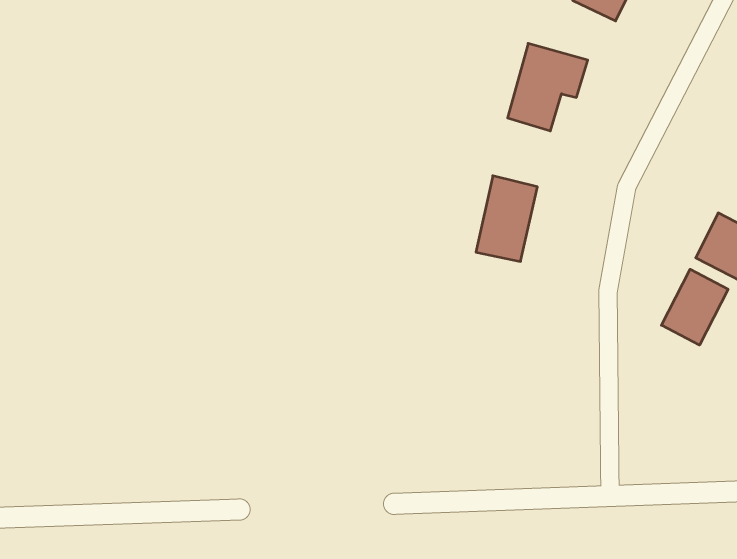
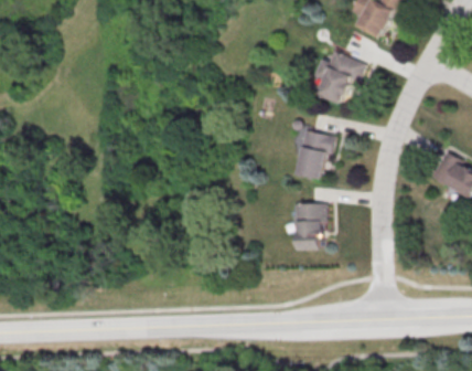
building: [661,269,728,345] -> none
building: none -> [296,203,323,251]

